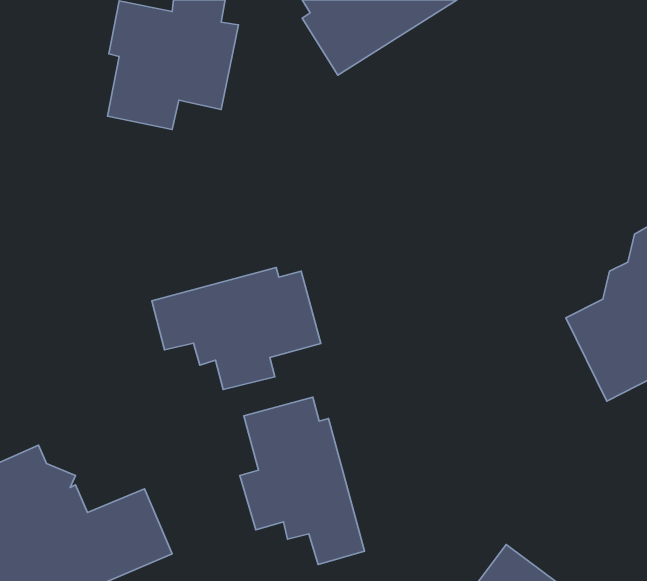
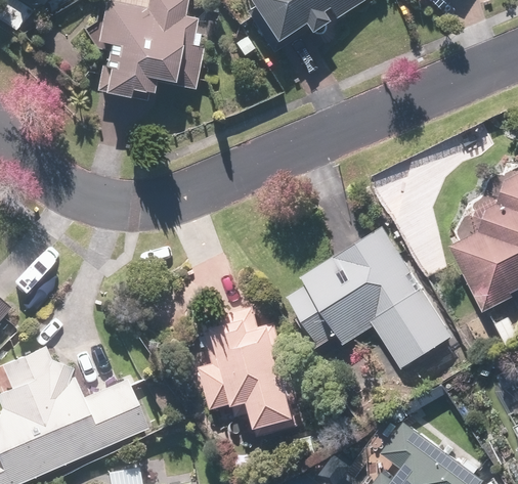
building: [152,267,321,390] -> none
building: none -> [286,225,450,367]

